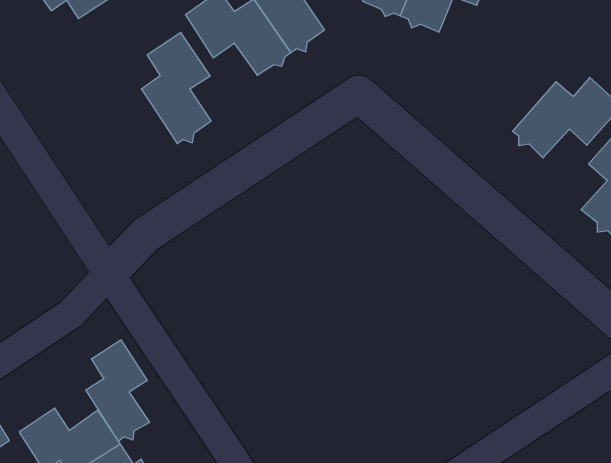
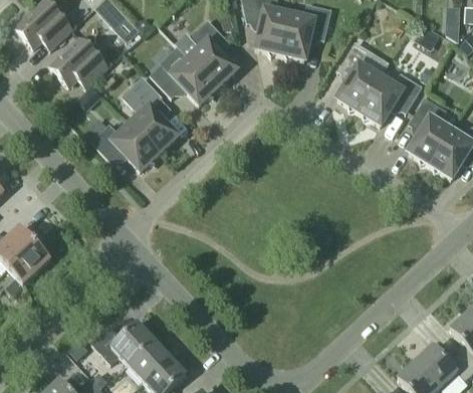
building: none -> [336,43,380,112]
building: none -> [90,123,158,170]
building: [86,340,149,441] -> none

